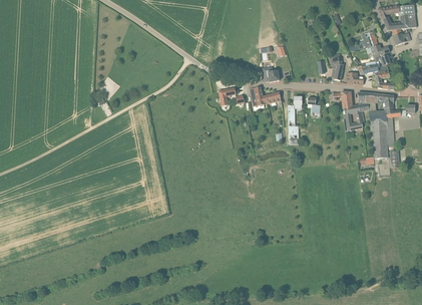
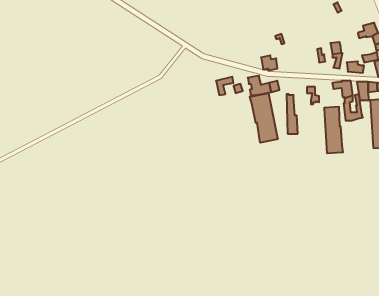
building: none -> [250,93,278,143]
building: none -> [324,107,343,153]

